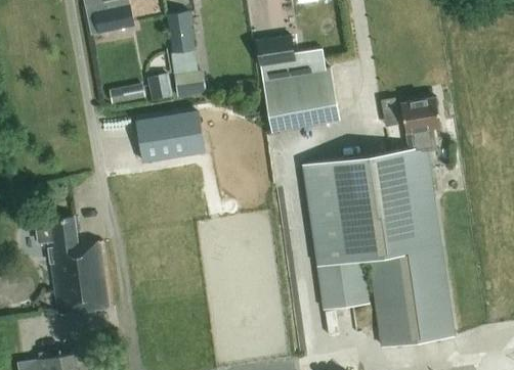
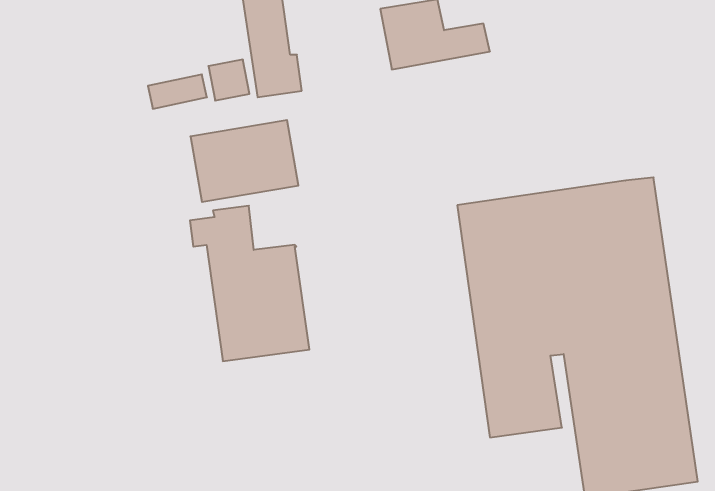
building: [261,67,339,132] -> none
building: [400,97,440,149] -> none
building: [37,217,112,314] -> [190,206,309,361]

